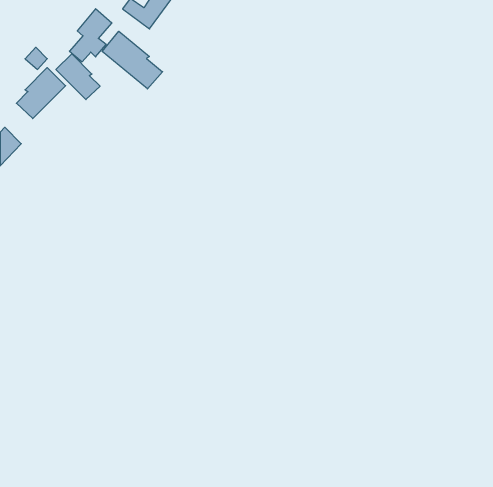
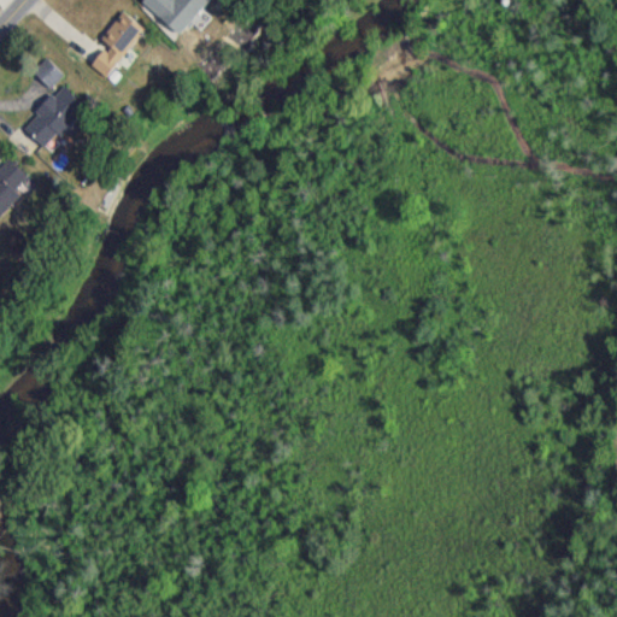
building: [102,31,163,89] -> none
building: [56,54,100,100] -> none

